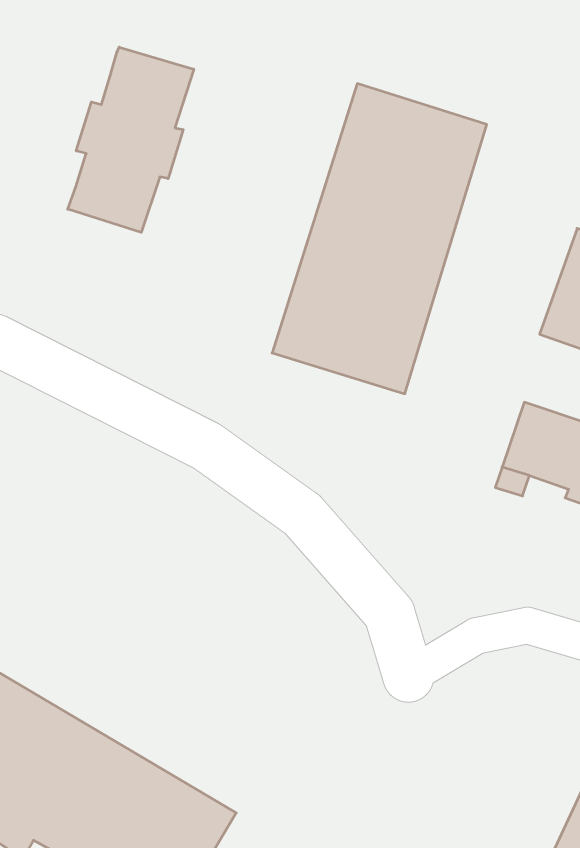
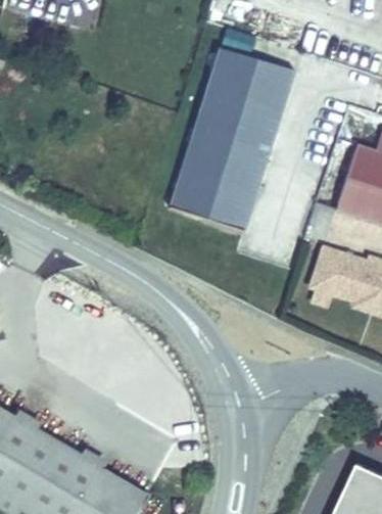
building: [68,47,194,232] -> none

